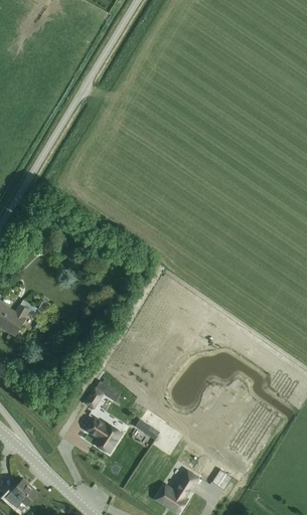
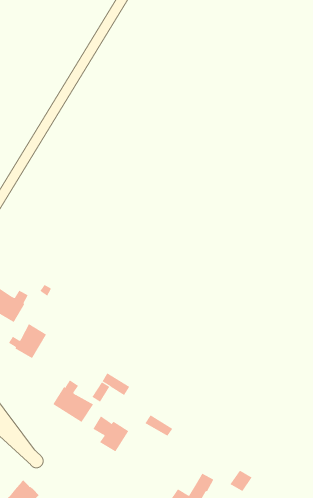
building: none -> [8,323,47,359]
building: none -> [53,380,94,423]

